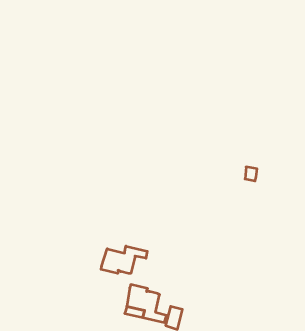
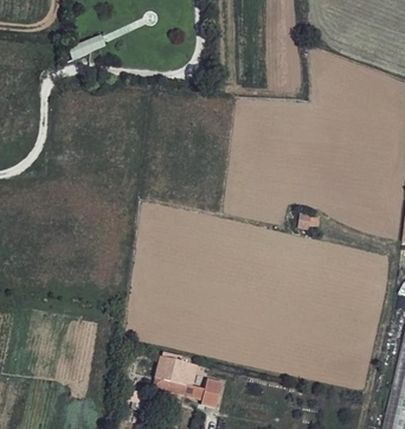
building: [101,246,147,273] -> none

